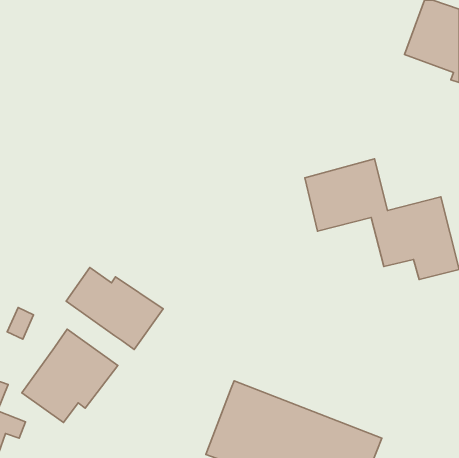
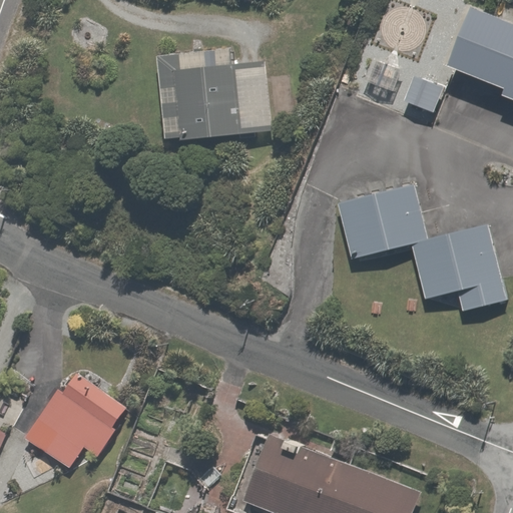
building: none -> [145,53,277,146]
building: [66,268,163,350] -> none

